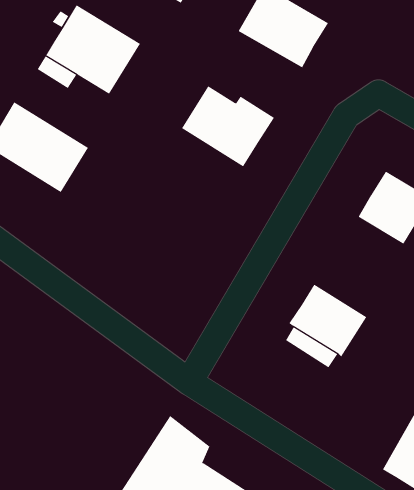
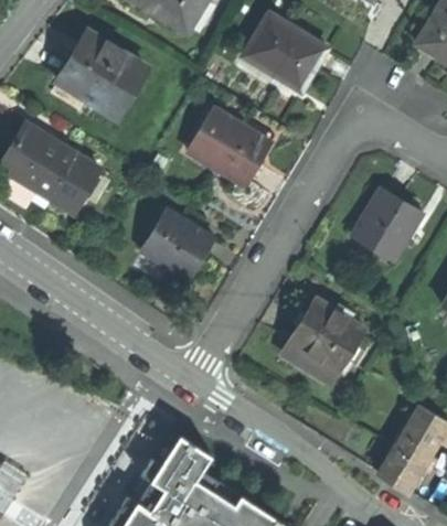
building: none -> [138,207,213,281]

